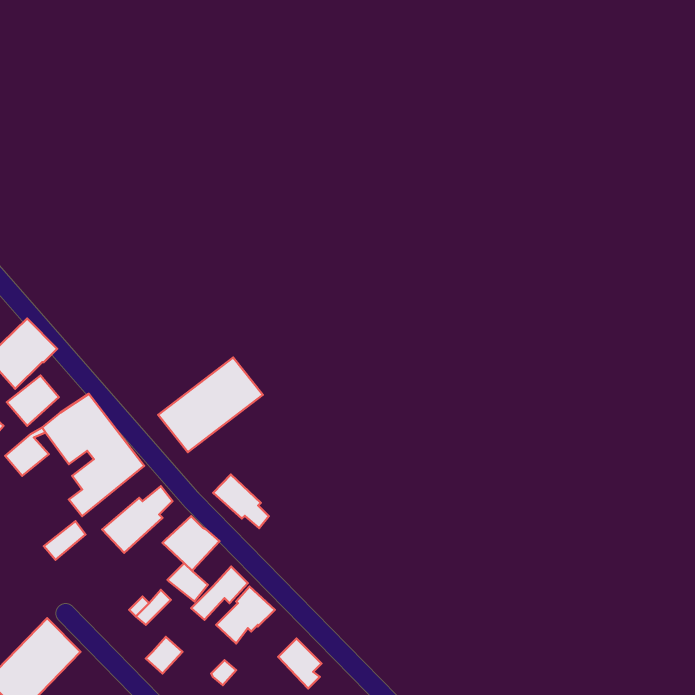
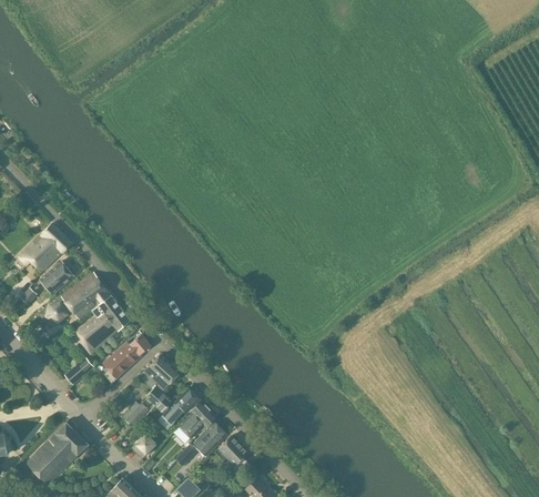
building: [158,358,263,452] -> none
building: [213,474,269,528] -> none
building: none -> [192,422,226,457]

